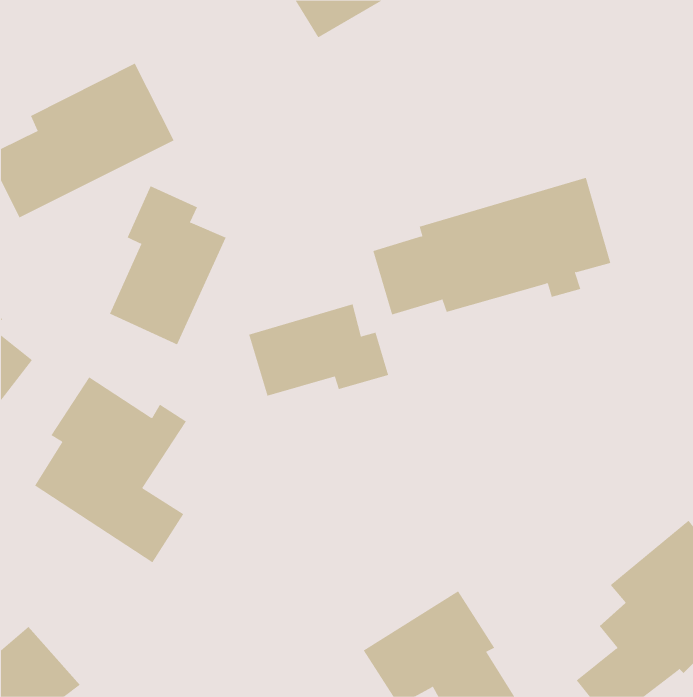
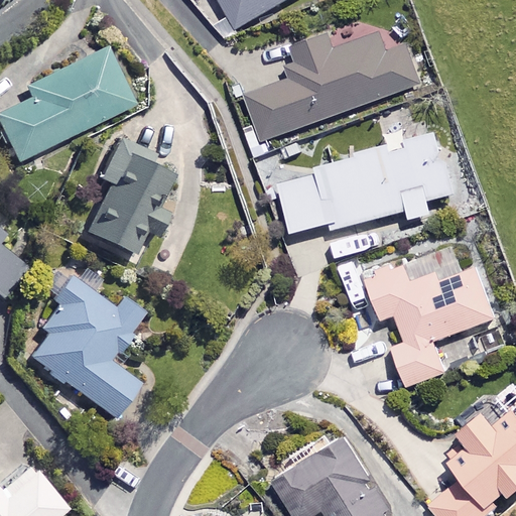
building: none -> [247,19,422,140]
building: [248,304,389,397] -> none
building: none -> [364,262,498,386]

